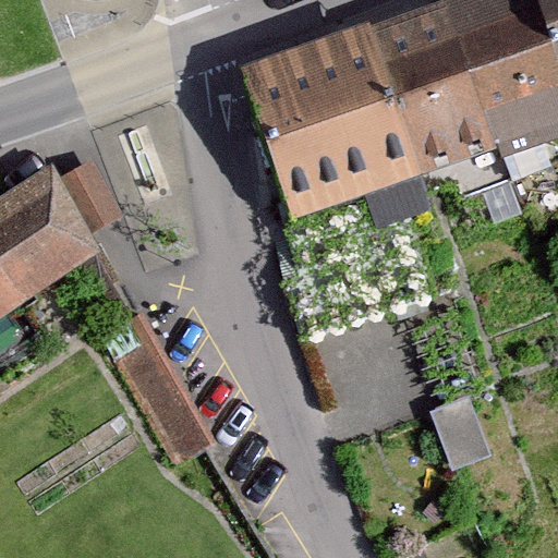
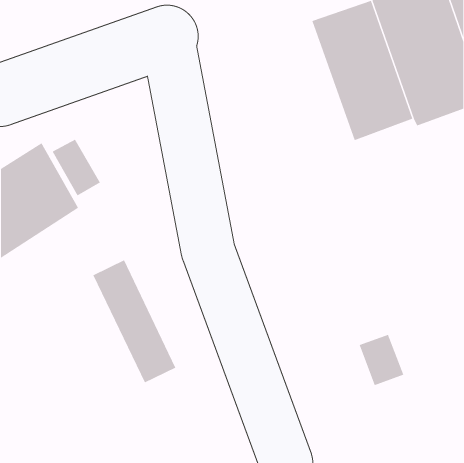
building: [243,25,425,215] -> none

